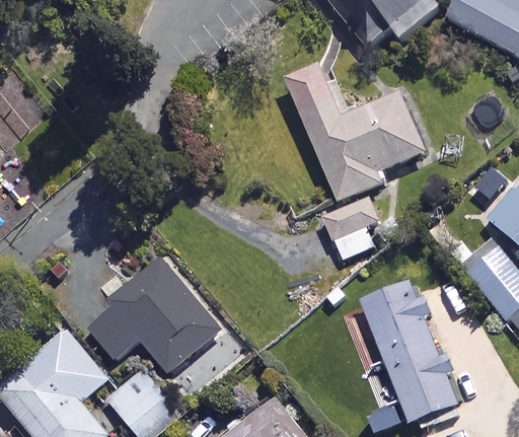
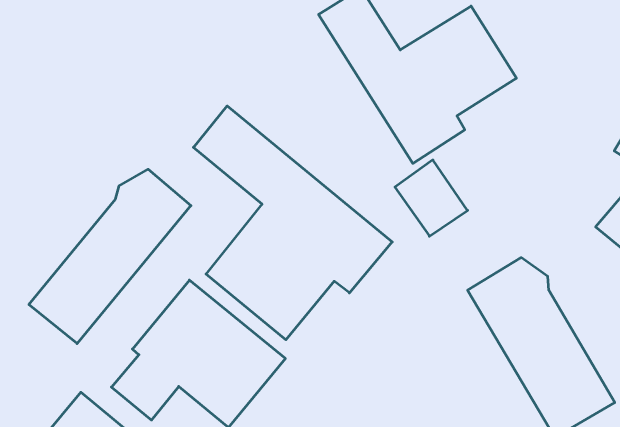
building: none -> [193,106,392,340]
building: none -> [29,169,191,344]

